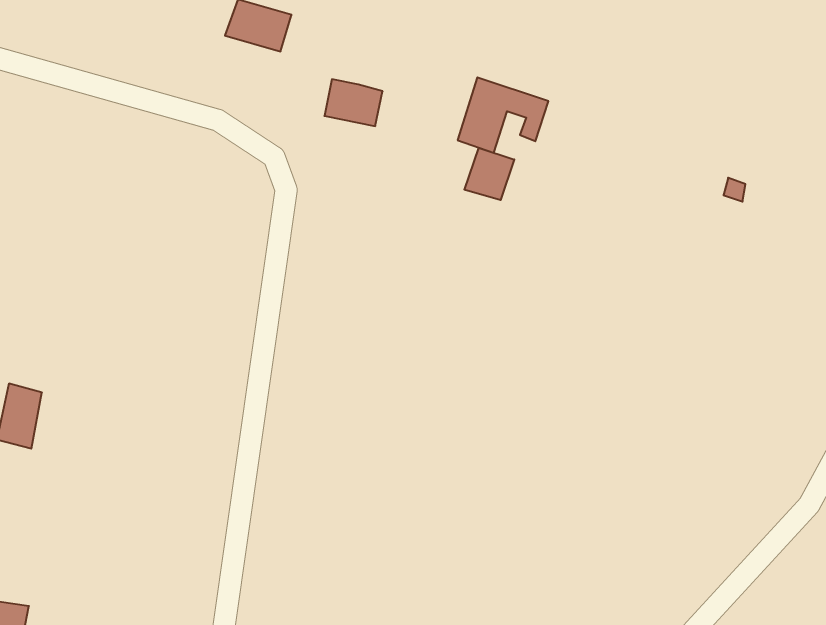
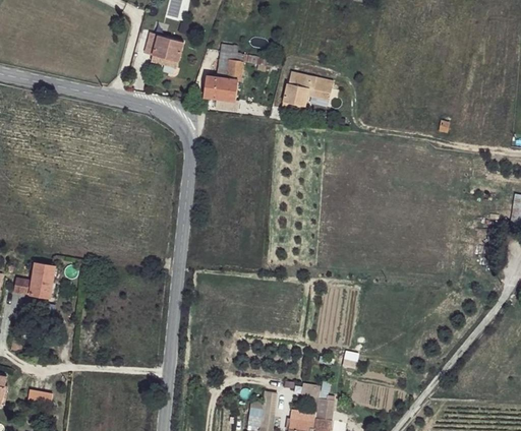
building: none -> [223,52,243,81]
building: [464,148,514,200] -> none

